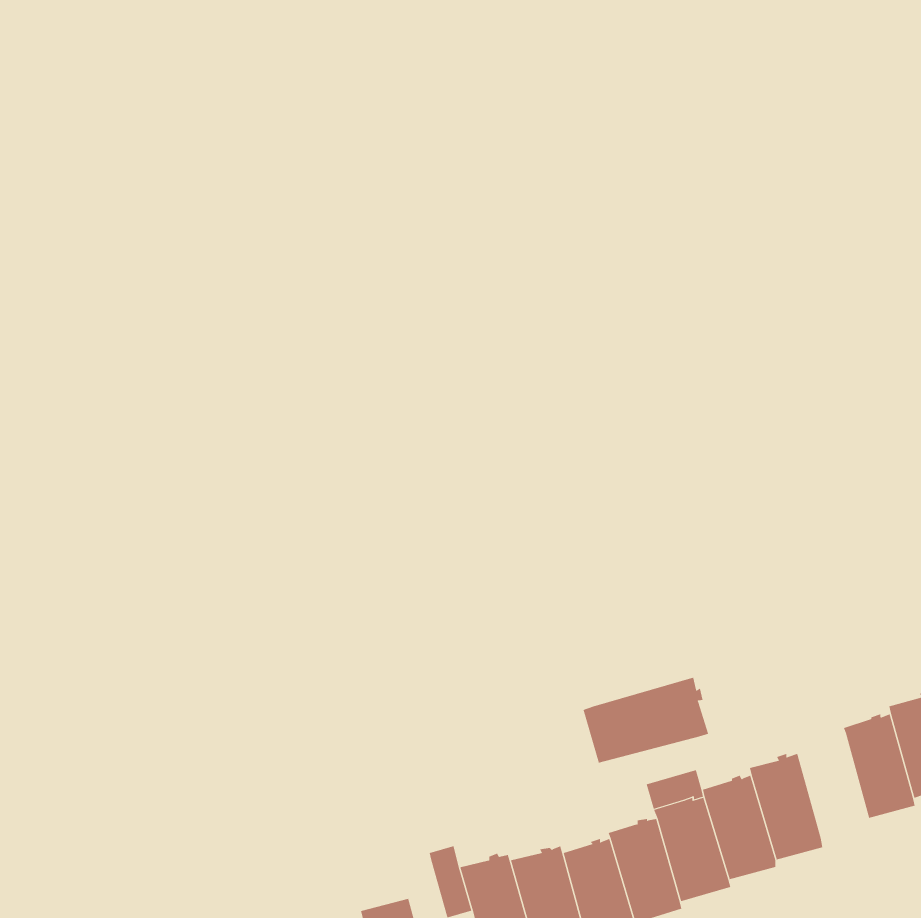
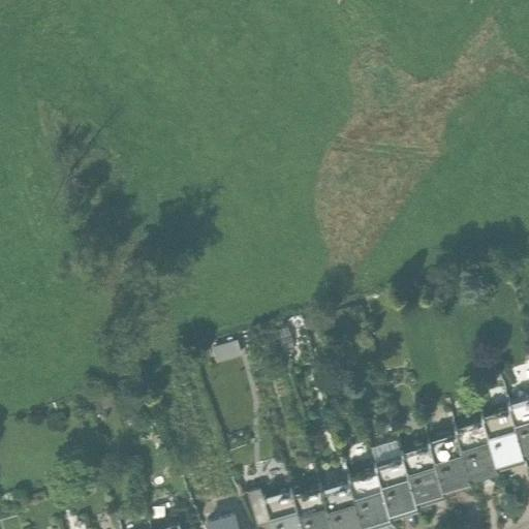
building: [583,677,709,764] -> none
building: none -> [457,423,499,483]

